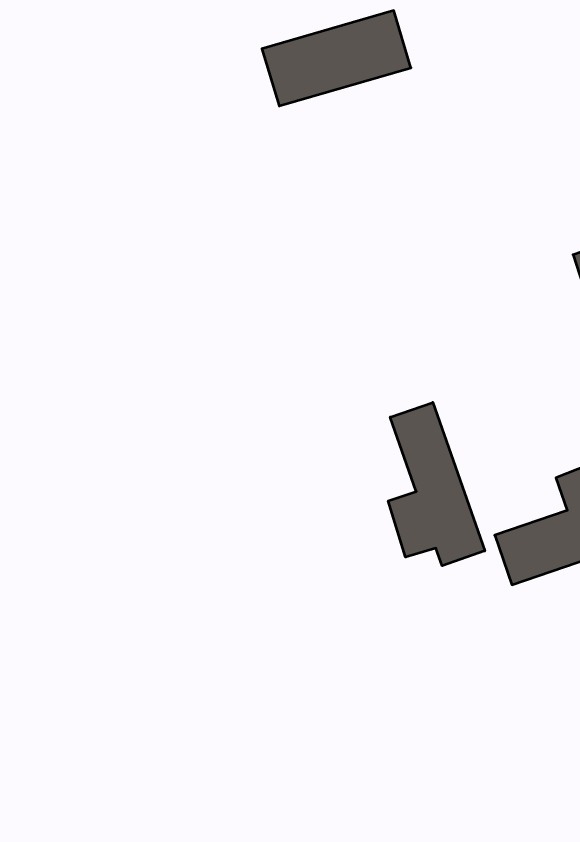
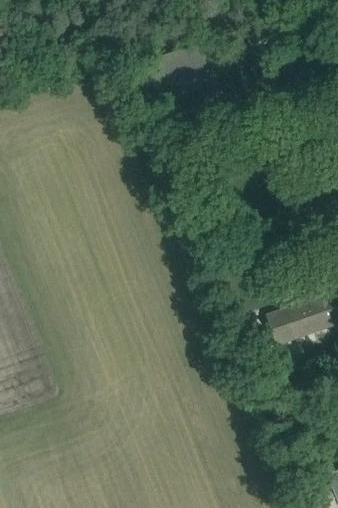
building: [388,402,485,566] -> none

